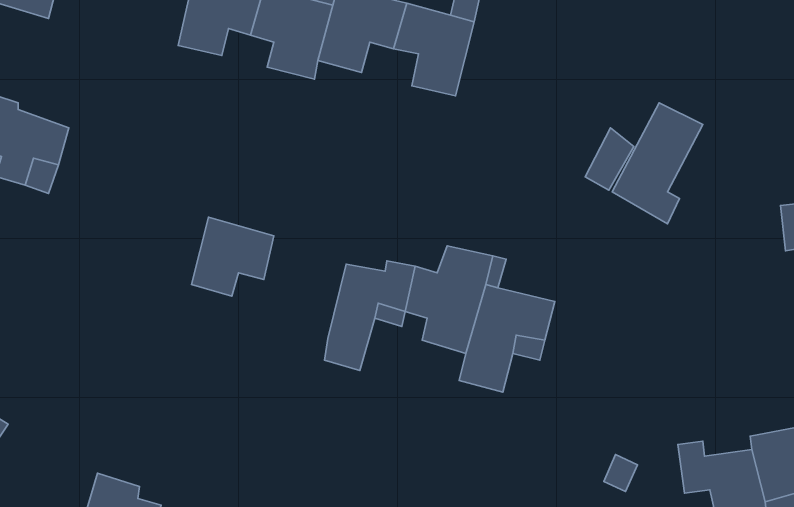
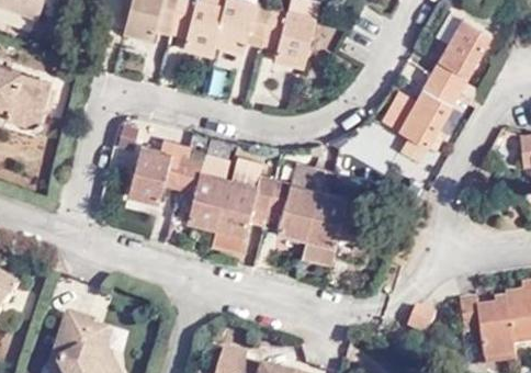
building: none -> [437,18,494,97]
building: none -> [179,159,233,226]

